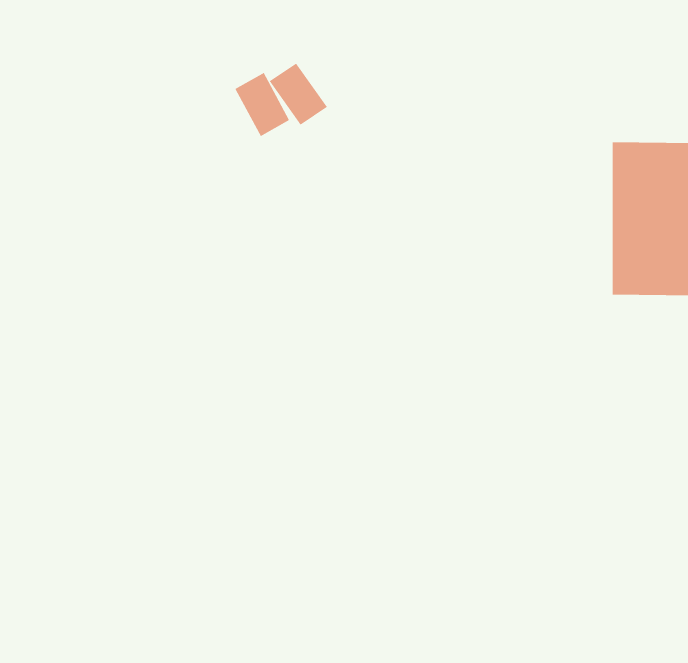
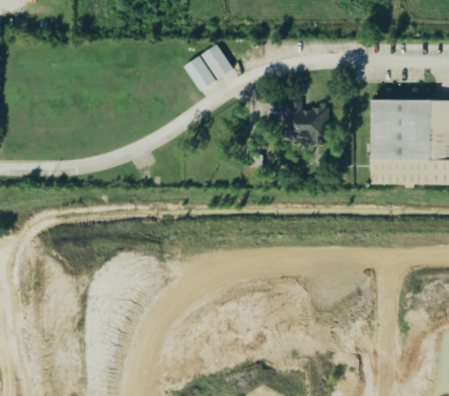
building: [235,72,290,137] -> [202,44,232,79]
building: none -> [282,101,327,148]

